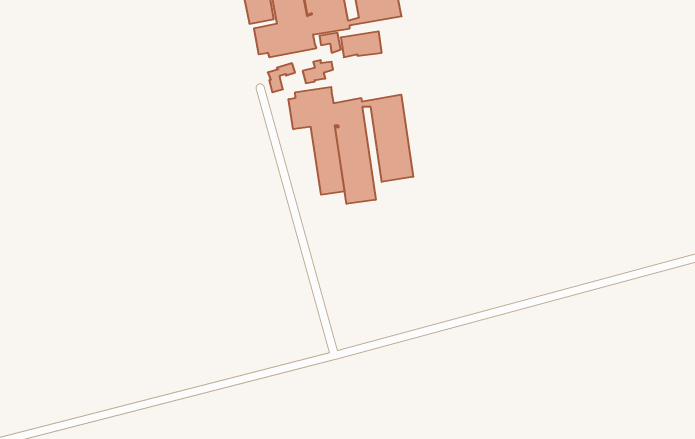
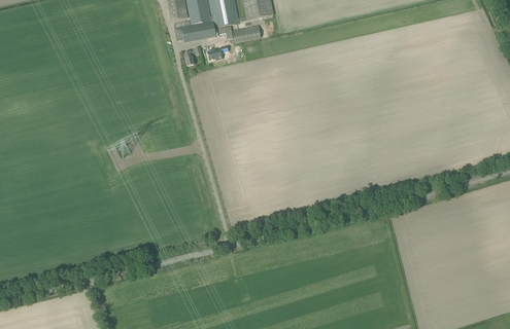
building: [289,87,413,204] -> none

